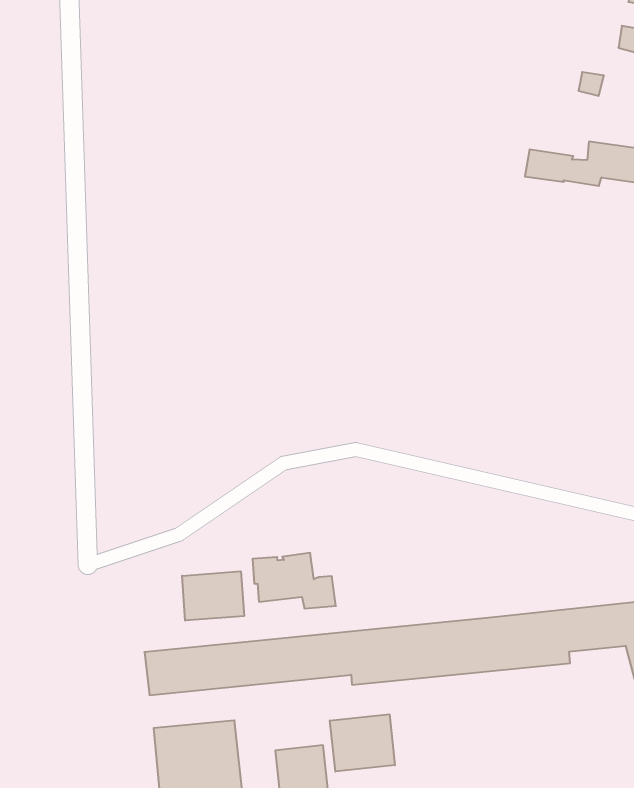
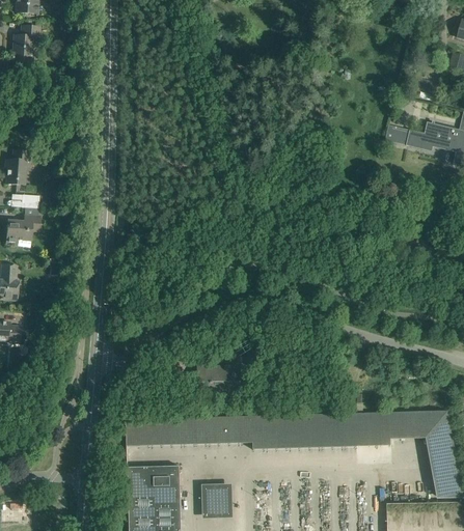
building: [182,571,244,621] -> none
building: [330,714,395,772] -> none

